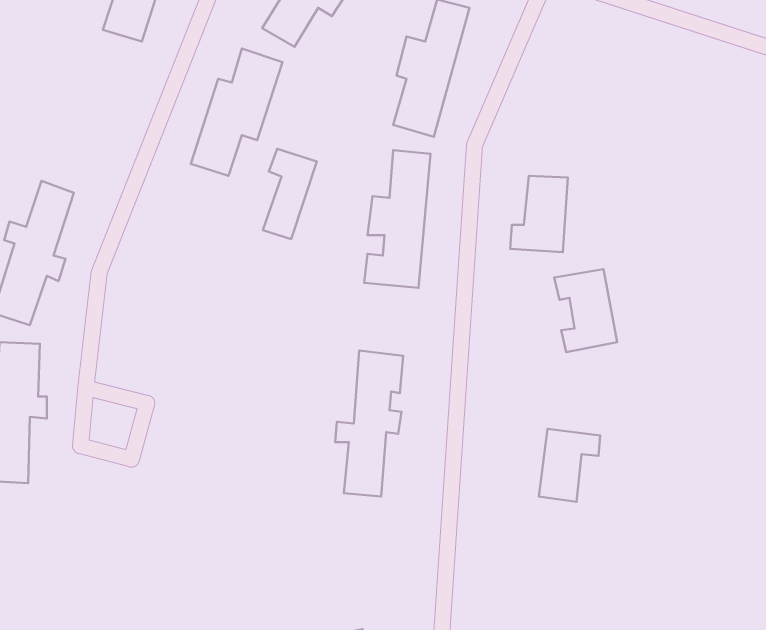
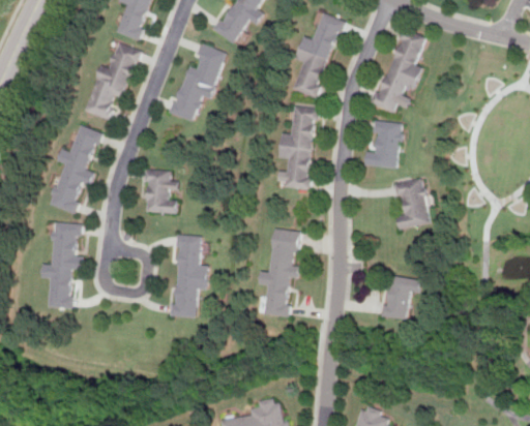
building: none -> [375,28,424,112]
building: none -> [84,42,140,119]
building: [263,149,317,239] -> none
building: none -> [144,169,178,213]
building: none -> [174,235,208,317]

